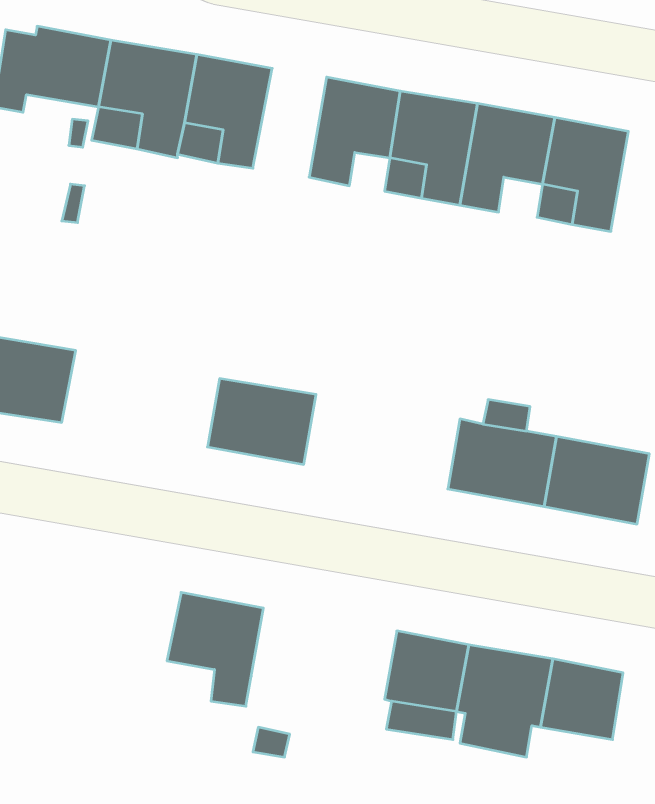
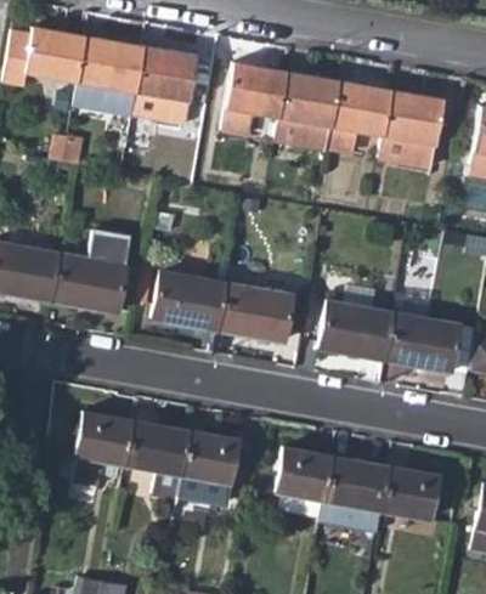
building: none -> [51,230,130,313]
building: none -> [219,282,293,343]
building: none -> [77,412,134,487]
building: none -> [182,430,241,504]

